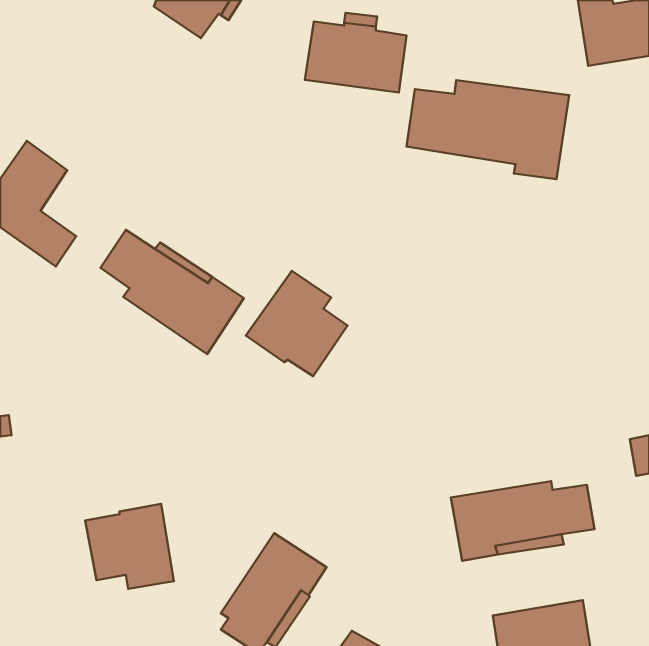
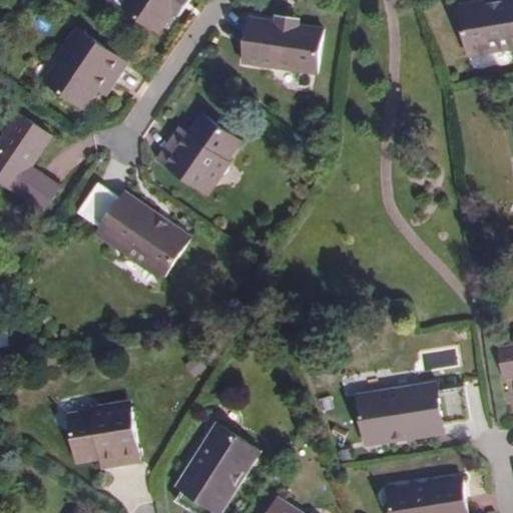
building: none -> [43,27,127,108]
building: [407,80,569,179] -> none
building: [246,271,348,376] -> [159,108,239,191]

